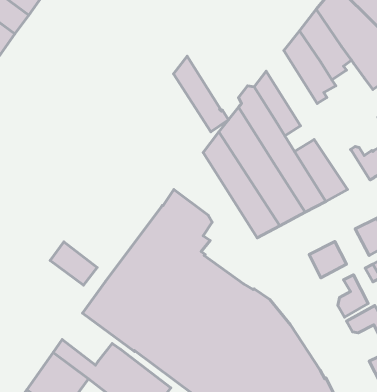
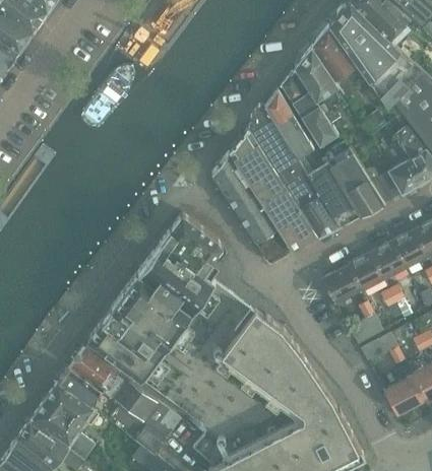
building: [174,56,228,132] -> [282,69,338,147]
building: none -> [322,140,384,213]
building: none -> [348,254,384,292]
building: [50,242,97,285] -> [69,346,118,391]

